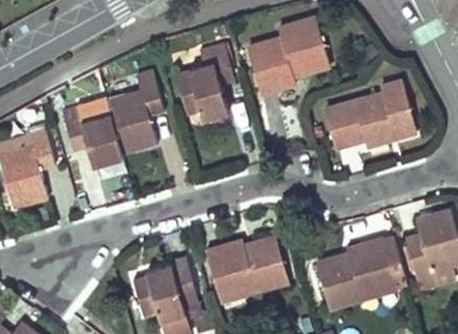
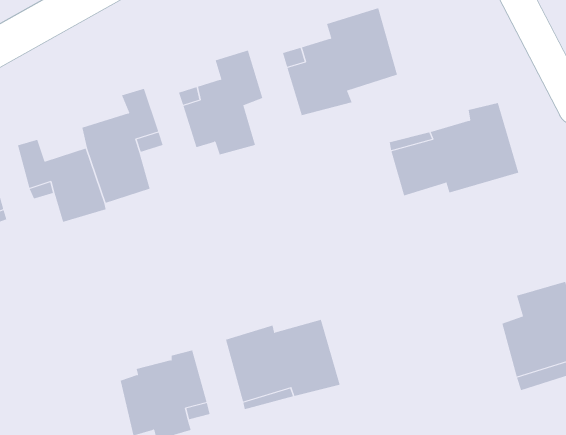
building: [314,238,396,309] -> none

